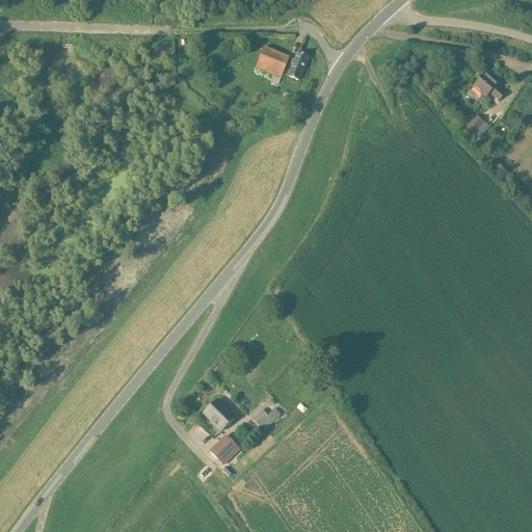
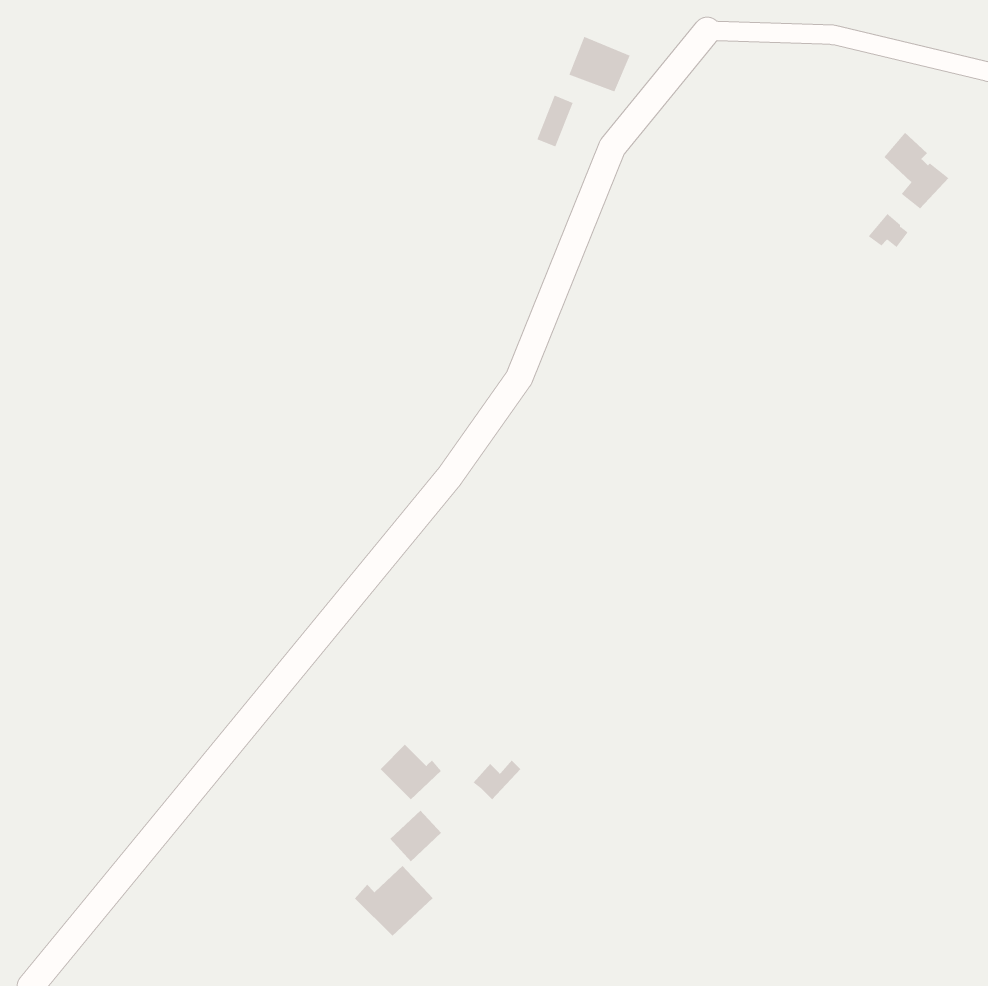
building: [256,46,289,76] -> [568,36,630,92]
building: none -> [354,865,434,937]

